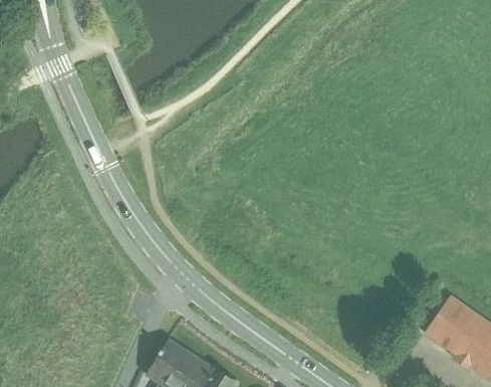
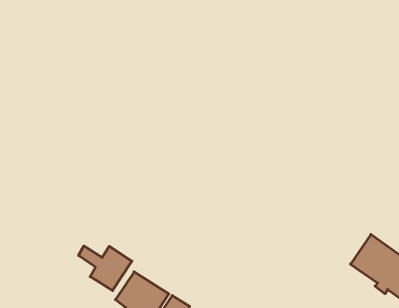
building: none -> [79,246,132,291]

